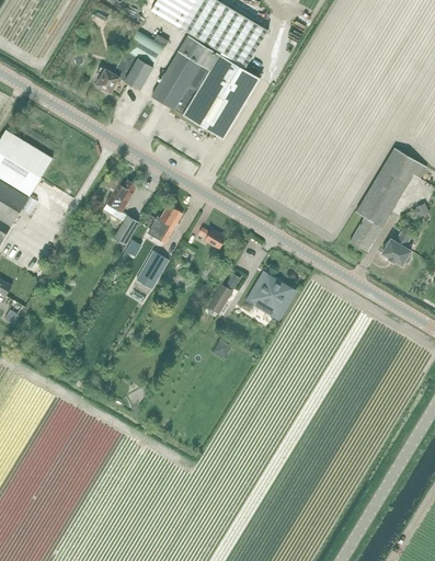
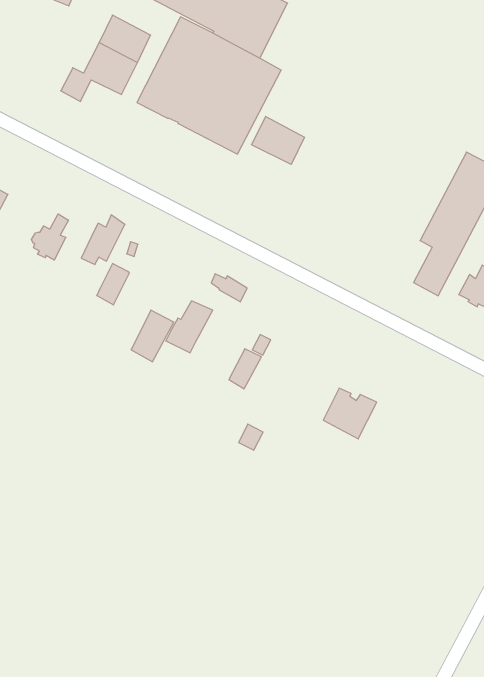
building: none -> [251,116,304,164]
building: none -> [32,214,69,260]
building: [147,205,183,243] -> [166,301,213,353]
building: [252,276,293,314] -> [323,388,377,439]

